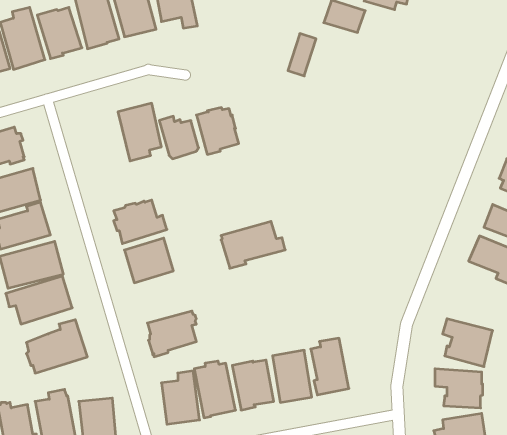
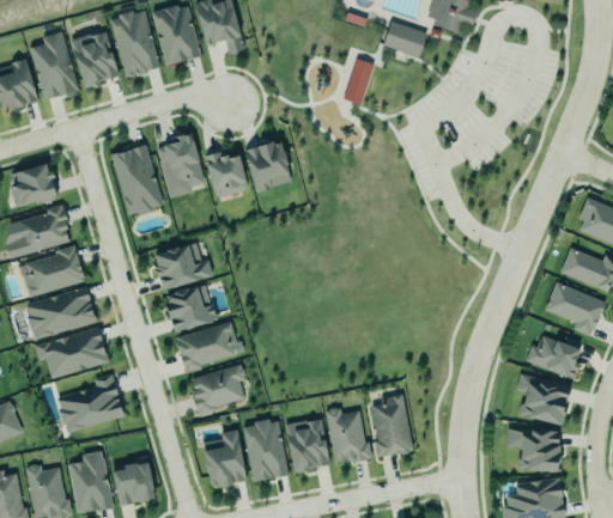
building: none -> [110,144,163,215]
building: [221,221,285,268] -> [175,322,245,373]
building: none -> [524,336,579,379]

